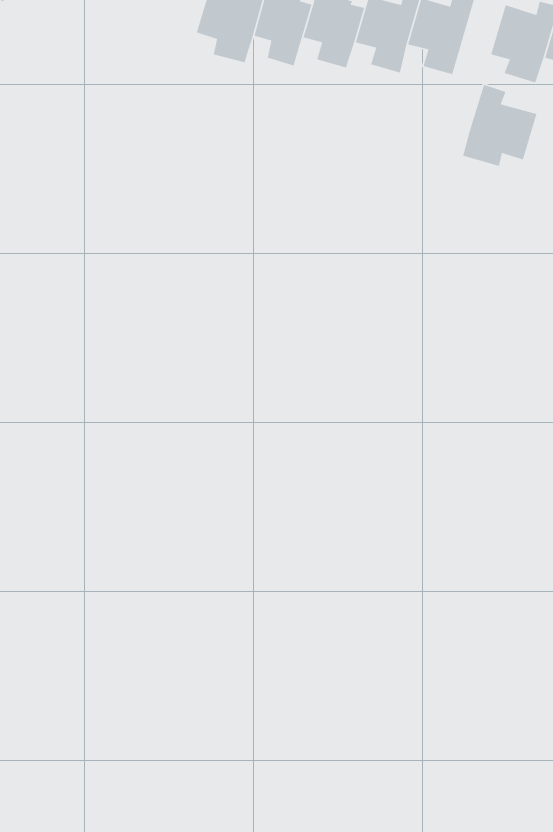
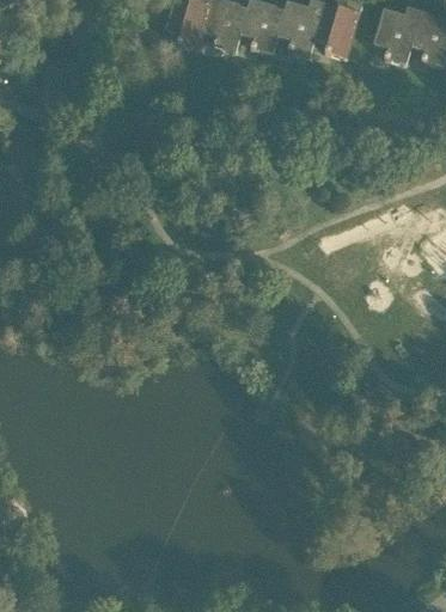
building: [462,84,538,167] -> none

